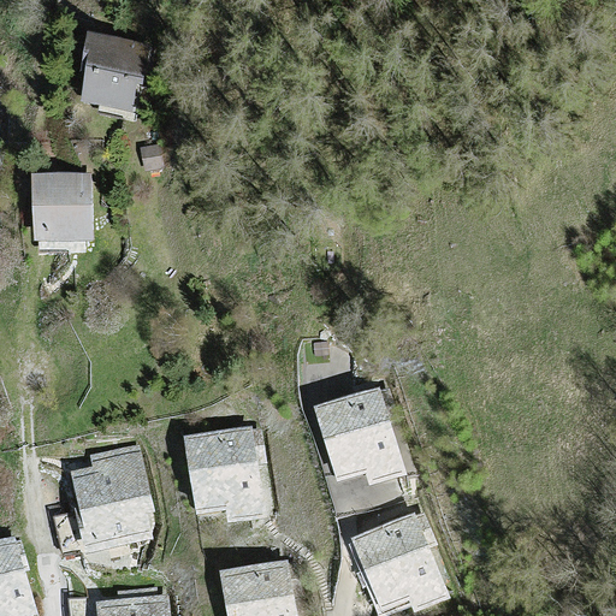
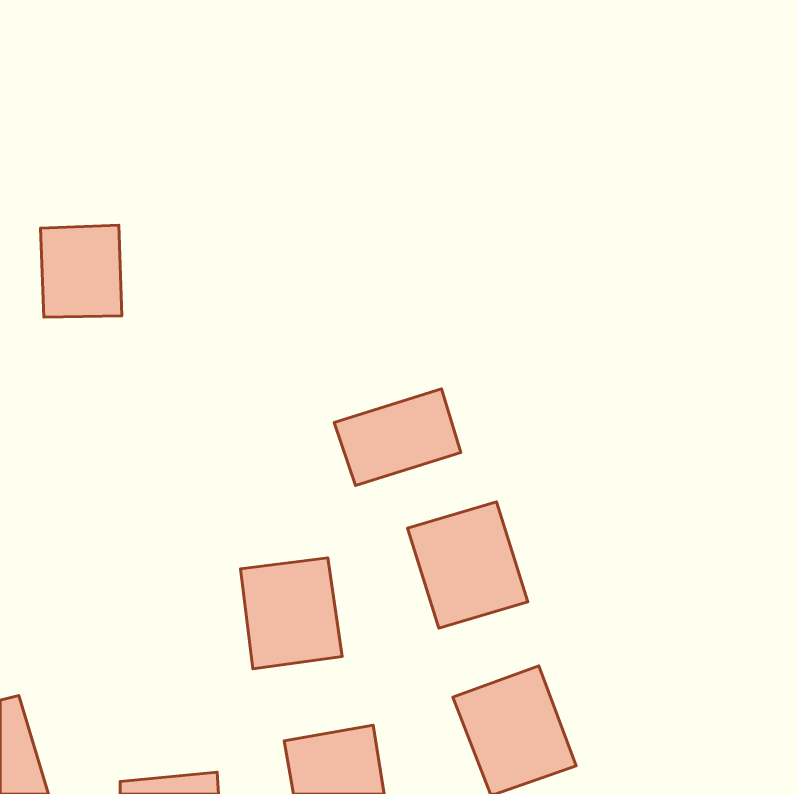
building: [78,34,152,114] -> none
building: none -> [334,389,461,486]
building: [69,454,159,550] -> none

